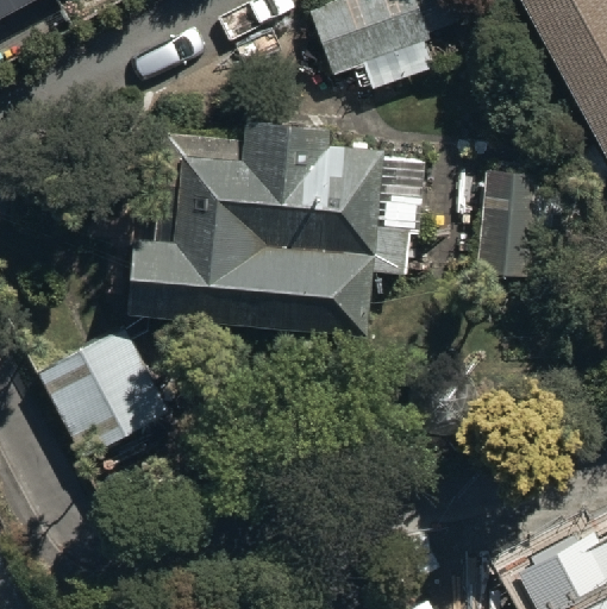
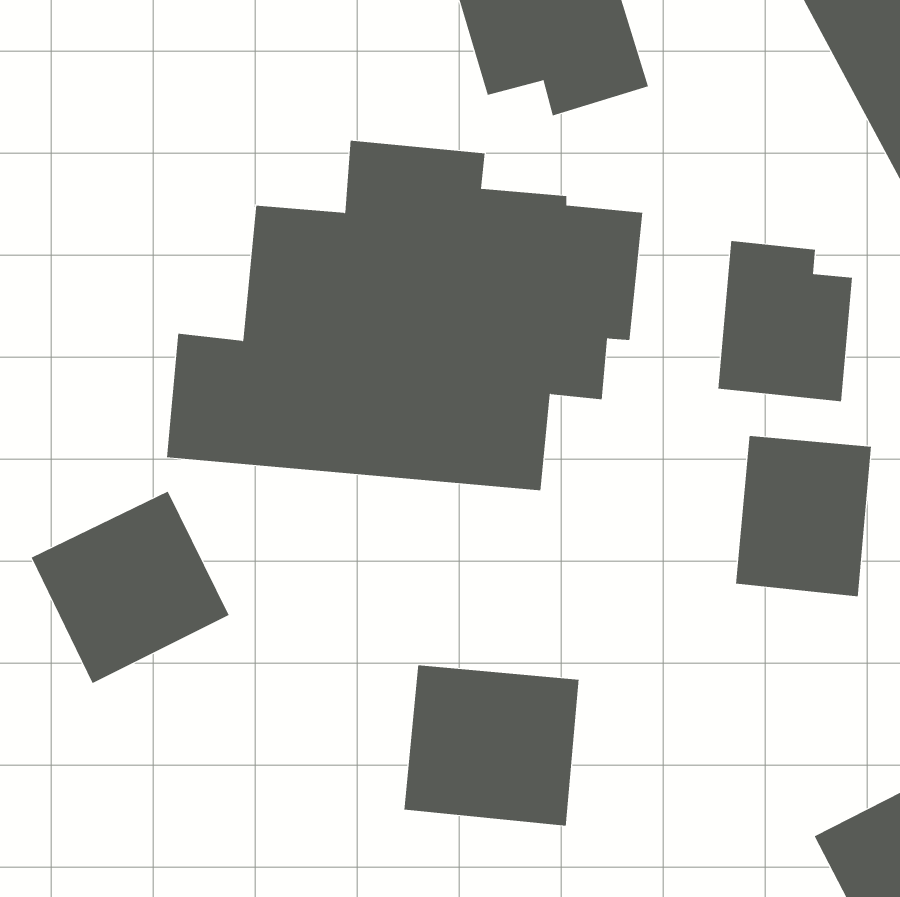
building: none -> [735,435,872,597]
building: none -> [404,665,579,826]

